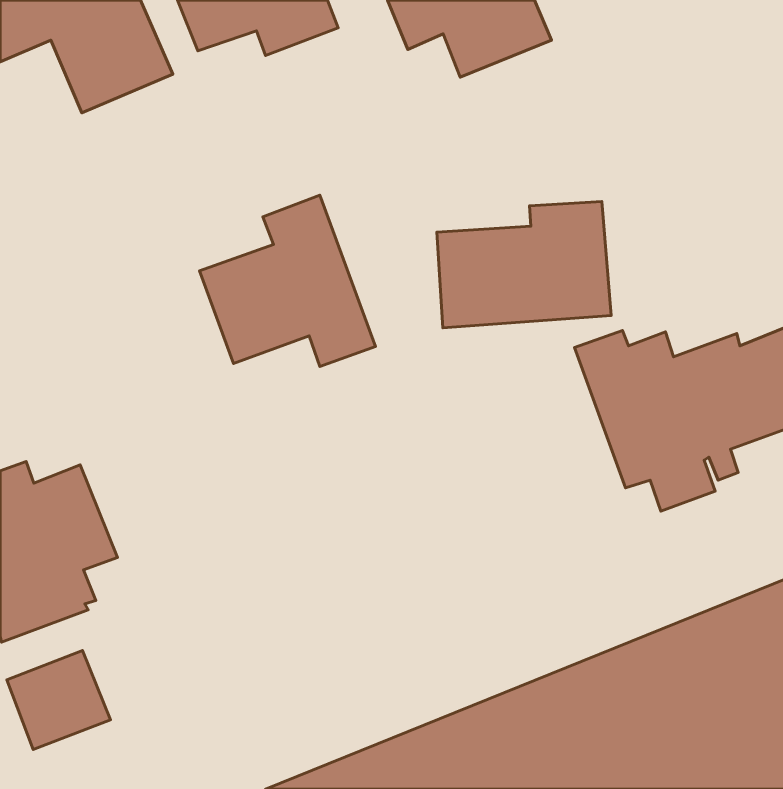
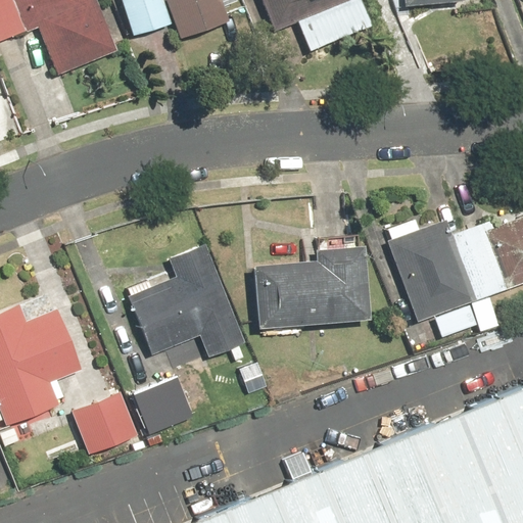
building: [199,195,375,367] -> [128,244,244,358]
building: [437,201,611,328] -> [251,244,367,328]
building: none -> [133,375,192,433]
building: [7,651,110,749] -> [69,390,138,456]

